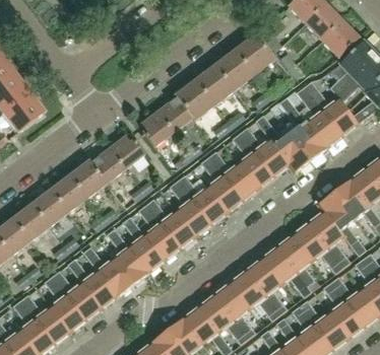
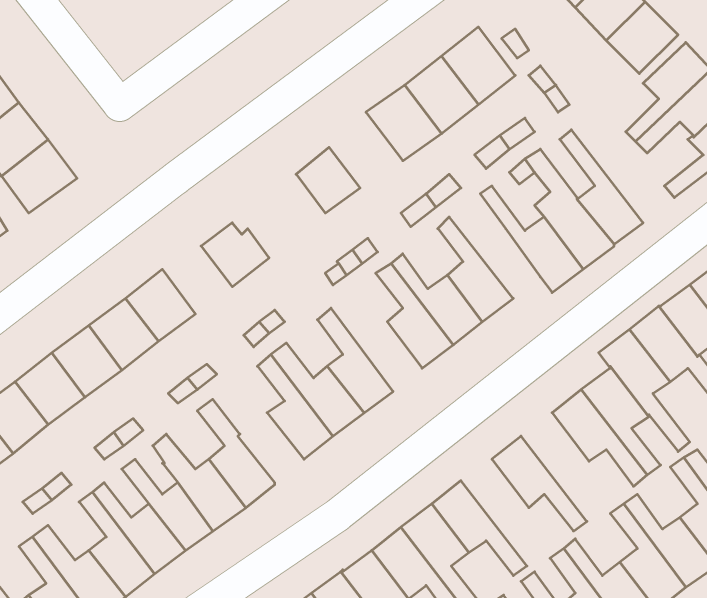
building: [175,78,214,120] -> none
building: [303,82,357,136] -> none
building: [141,111,174,146] -> none
building: [239,129,287,175] -> none
building: [88,148,125,184] -> none
building: [177,174,225,224] -> none
building: [123,217,163,272] -> none
building: [276,235,320,292] -> none
building: [245,260,287,315] -> none

